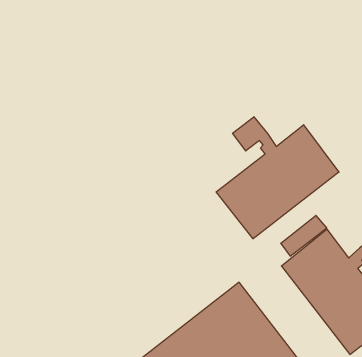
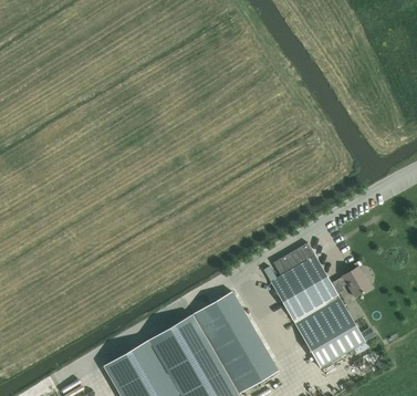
building: [216,117,339,239] -> none

